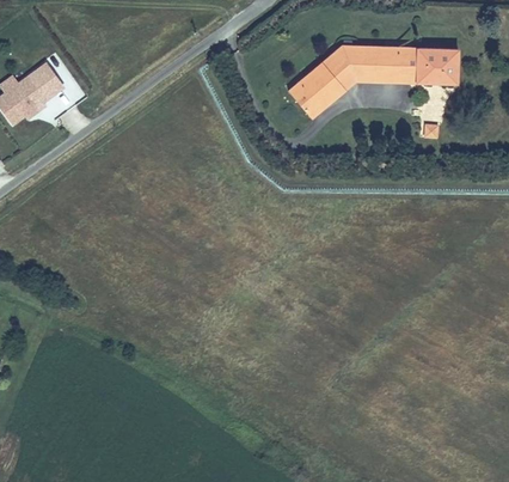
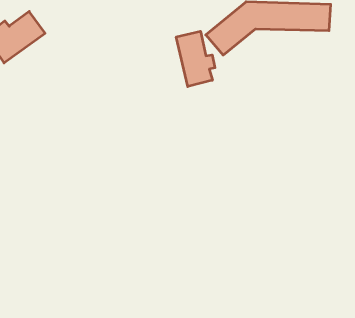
building: none -> [176,31,215,87]

